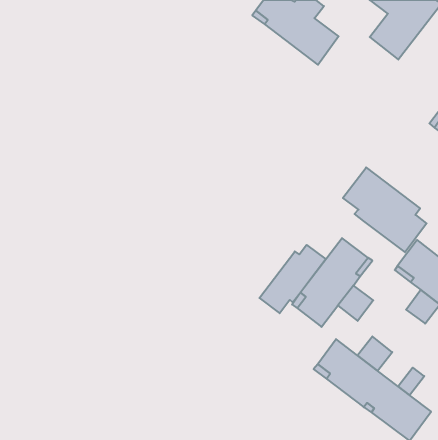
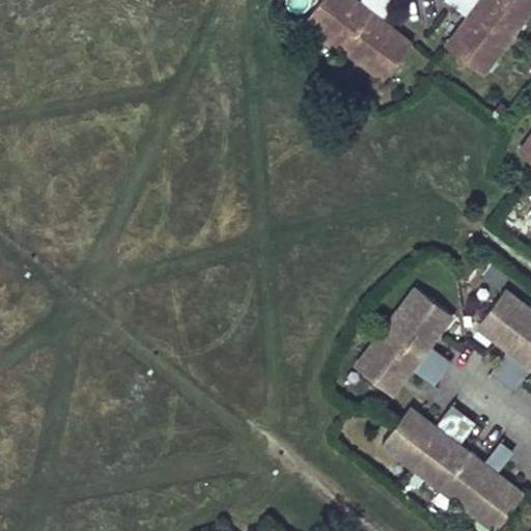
building: [343,167,427,252] -> none
building: [259,245,326,313] -> none

